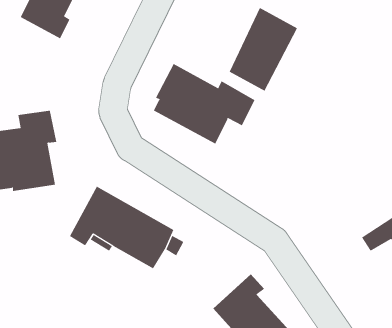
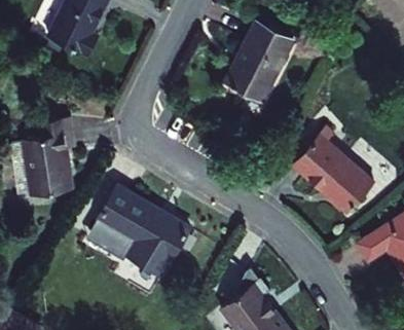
building: [153,63,255,144] -> none
building: none -> [300,127,375,211]

